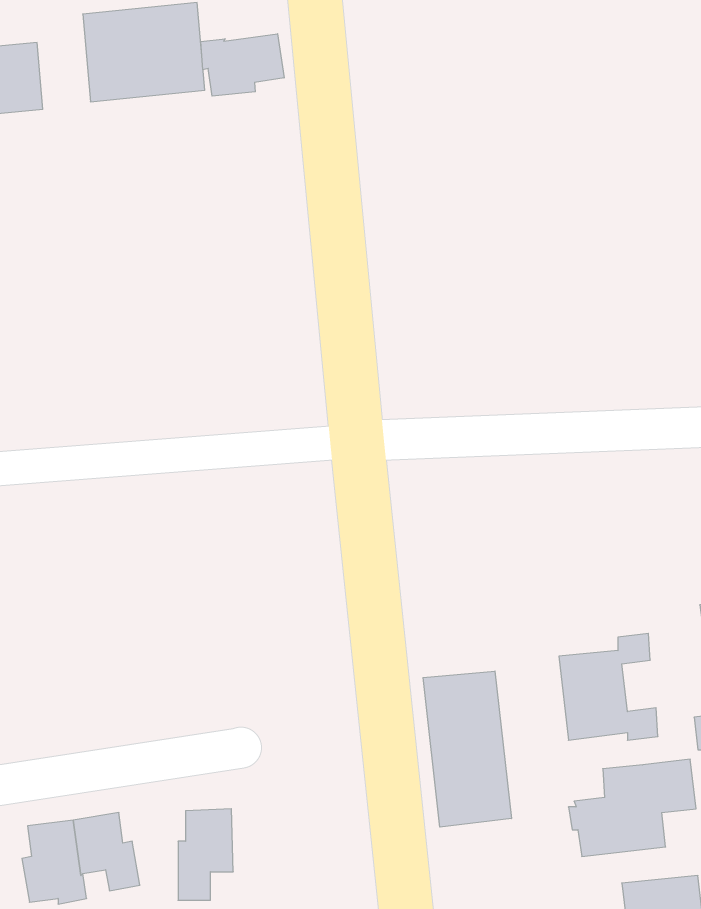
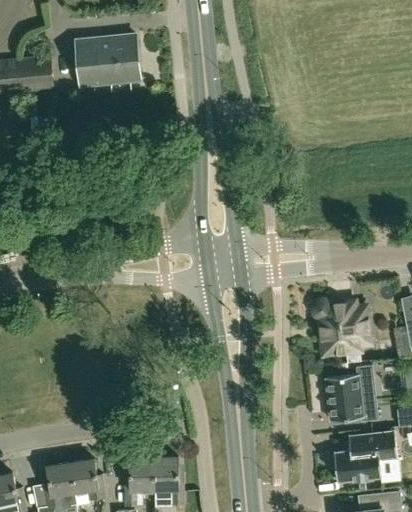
building: [201,34,284,96] -> none
building: none -> [313,300,370,354]
building: [423,671,511,827] -> none
building: none -> [153,457,183,504]

